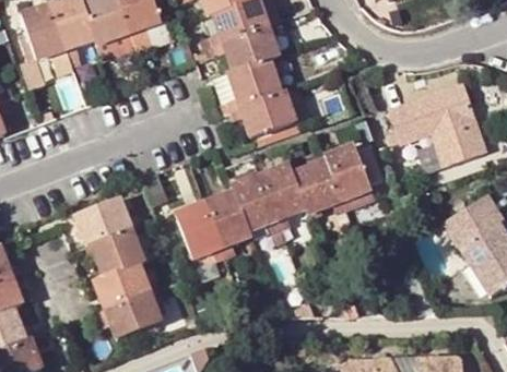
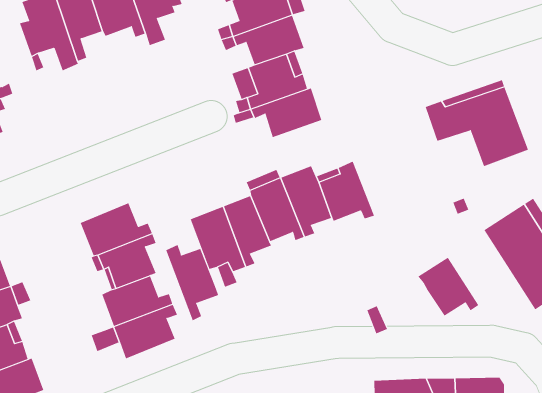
building: [323,143,370,208] -> none
building: none -> [165,244,219,321]
building: none -> [417,257,479,316]

